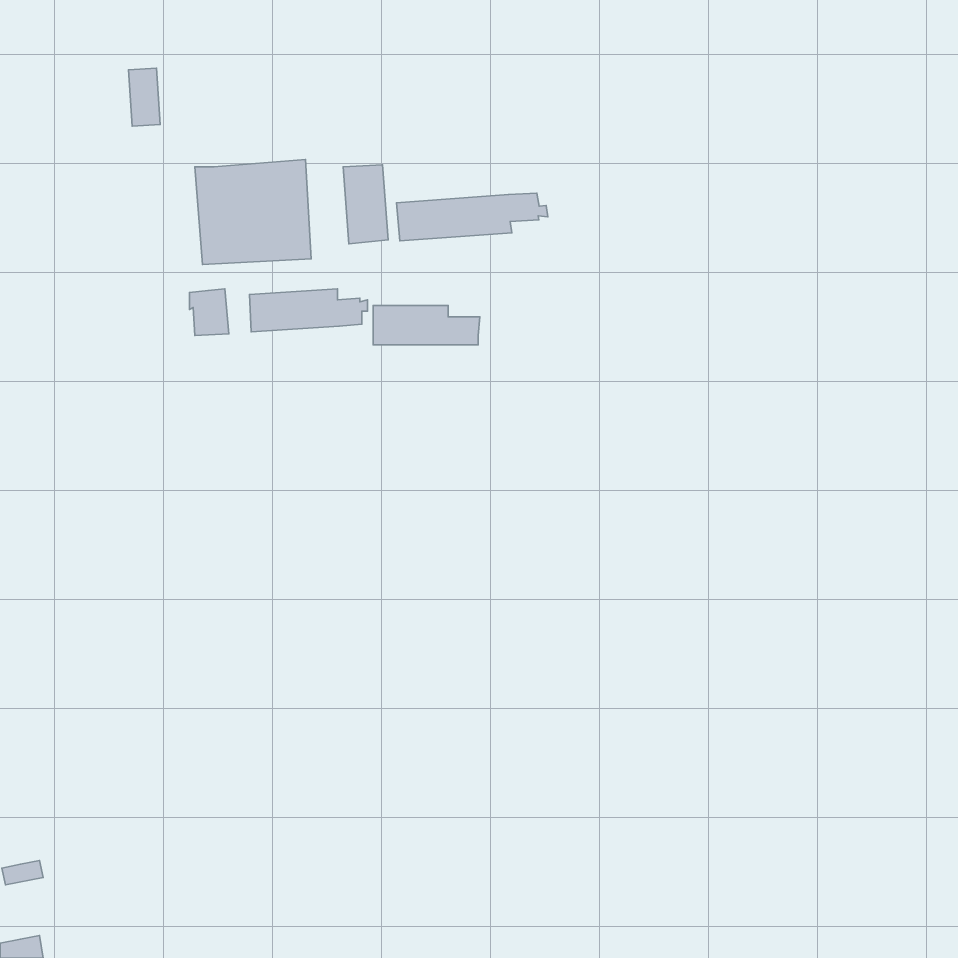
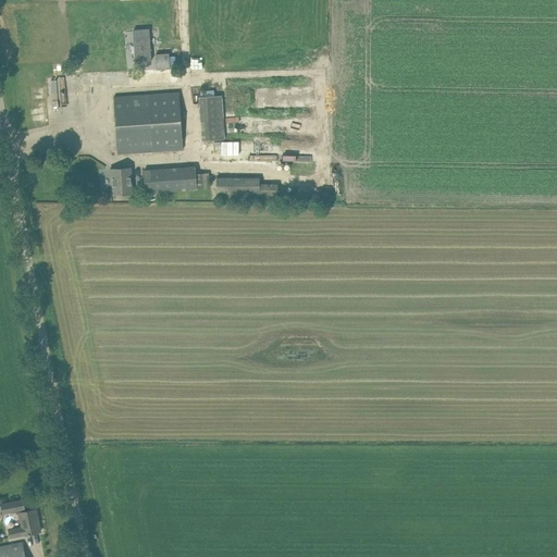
building: [128,68,160,126] -> [134,28,152,62]
building: [397,193,548,241] -> none
building: none -> [9,509,40,537]

